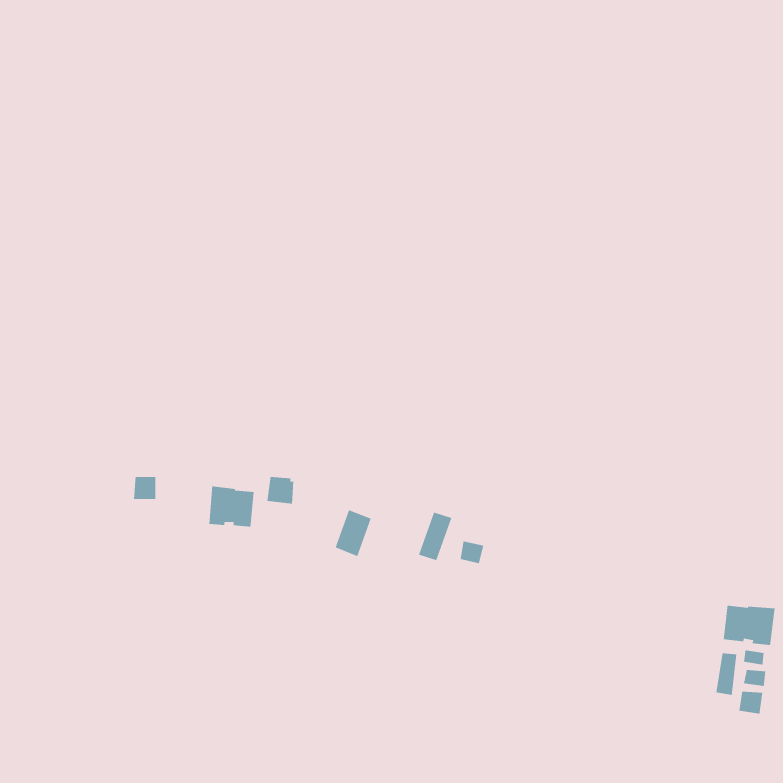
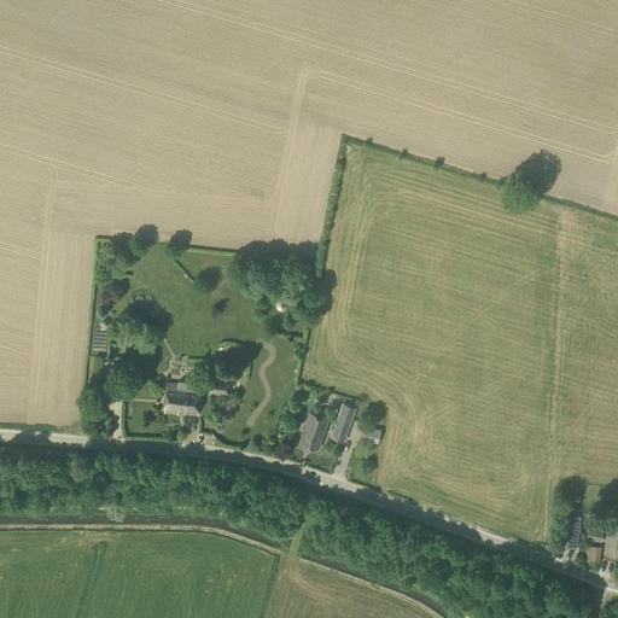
building: [335,509,372,557] -> [299,412,328,449]
building: [723,605,775,646] -> none

